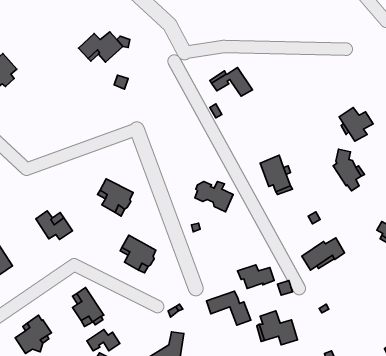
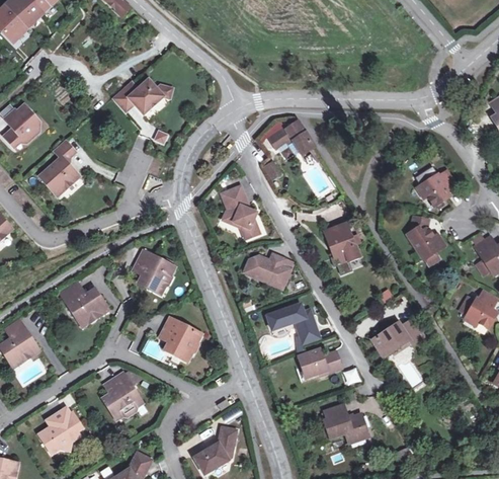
building: none -> [39,139,80,195]
building: none -> [224,184,262,237]
building: [207,291,251,325] -> [266,305,318,344]
building: [87,329,120,351] -> none

